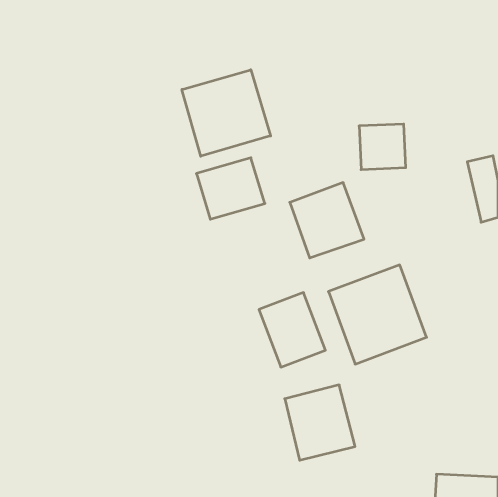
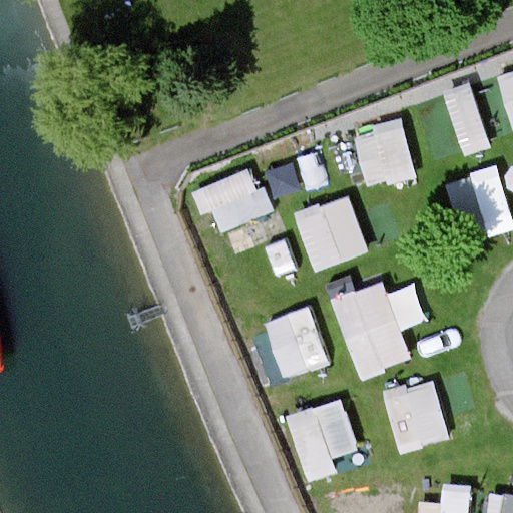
building: [182,70,271,156] -> none
building: none -> [382,379,448,451]

